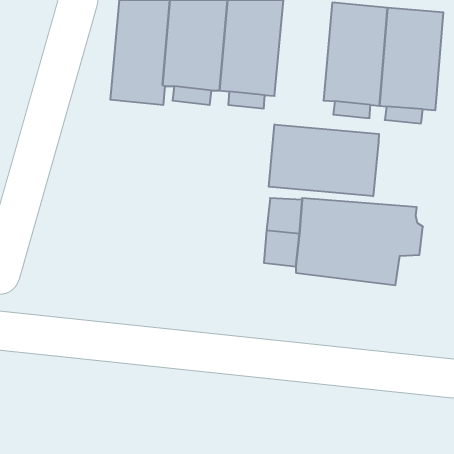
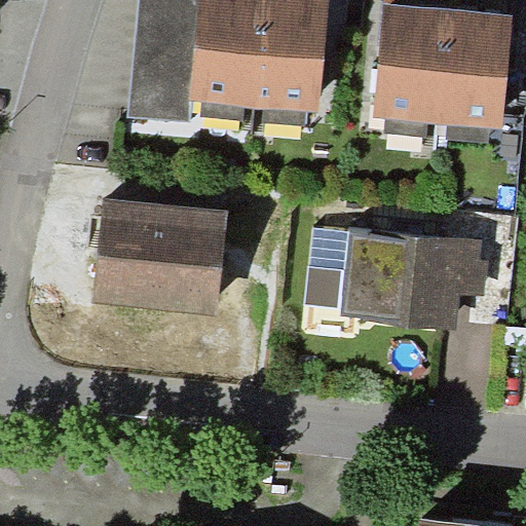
building: [269,124,379,196] -> none
building: none -> [93,198,228,314]

